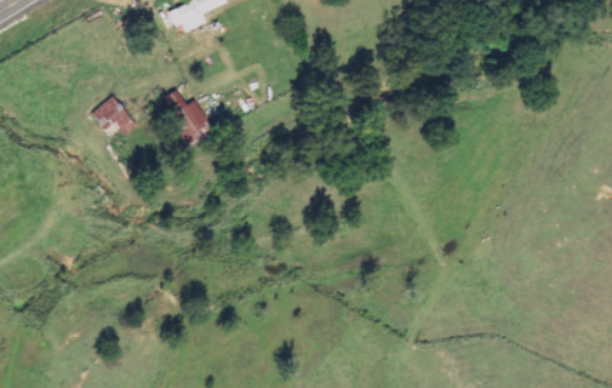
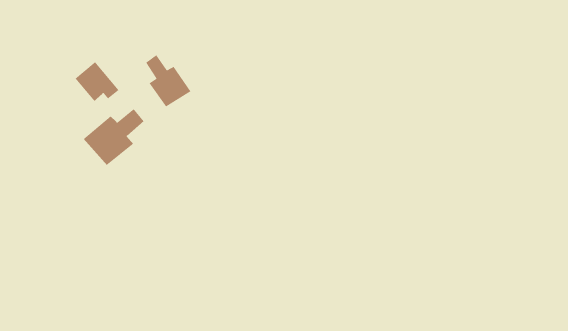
building: none -> [83,108,144,166]

